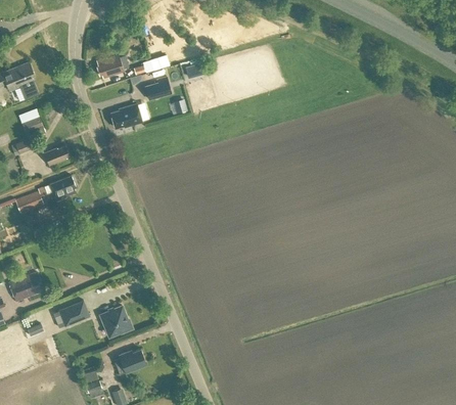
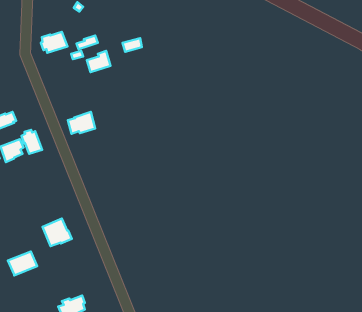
building: [109,103,140,128] -> [68,112,95,134]
building: none -> [21,130,42,154]
building: [99,305,132,335] -> [42,219,72,246]

